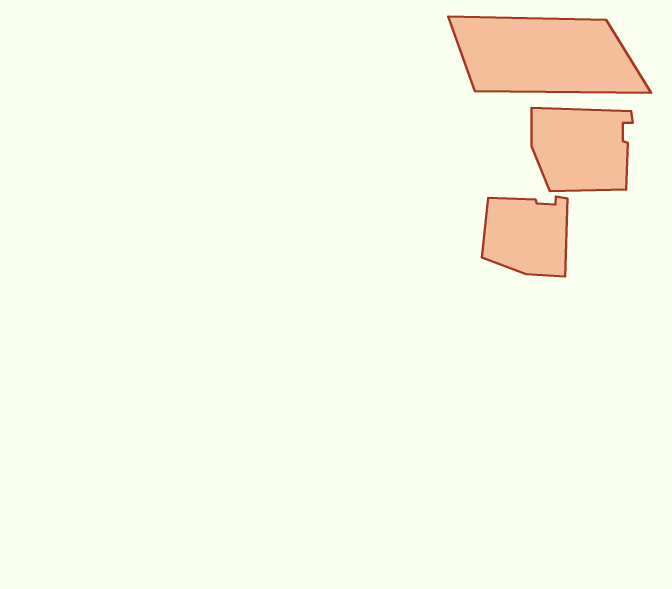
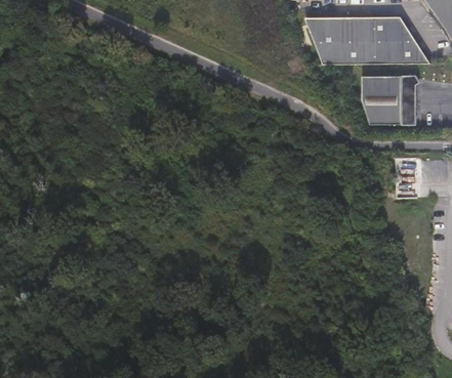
building: [482,197,568,277] -> none

